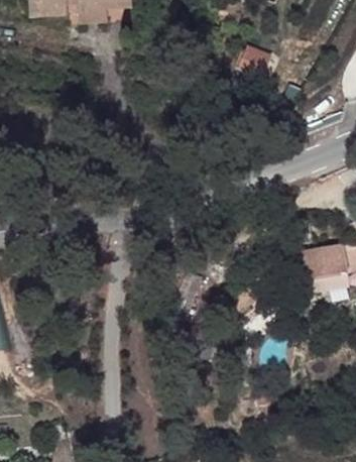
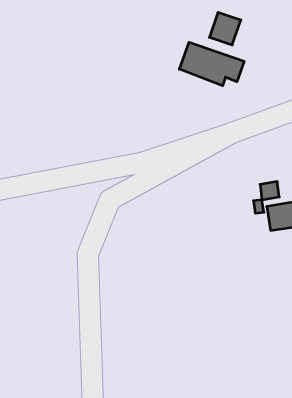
building: none -> [179,42,244,86]

